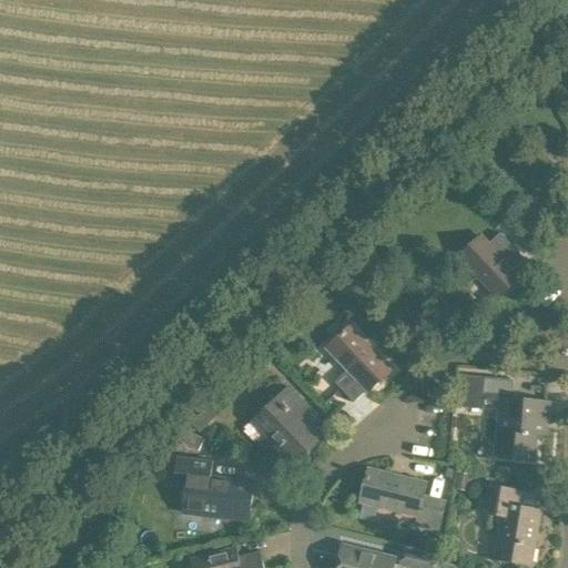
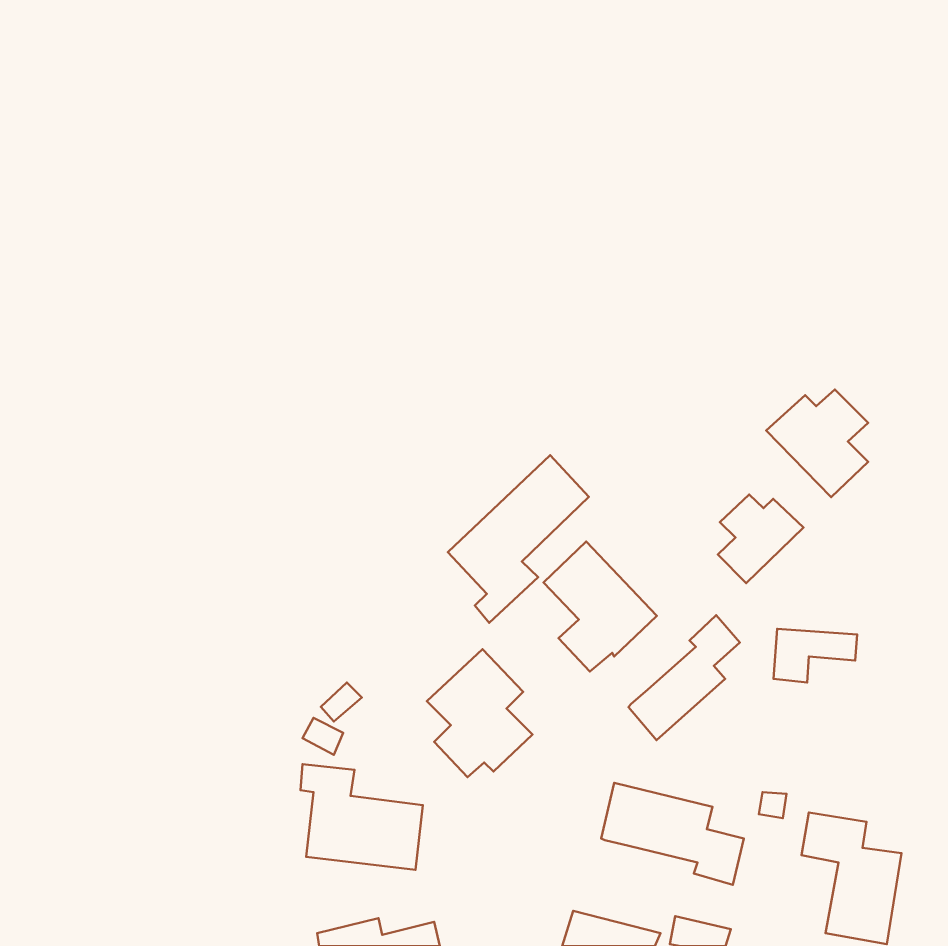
building: none -> [448,455,589,623]
building: none -> [718,495,803,583]
building: none -> [629,615,740,740]
building: [495,399,549,457] -> none

